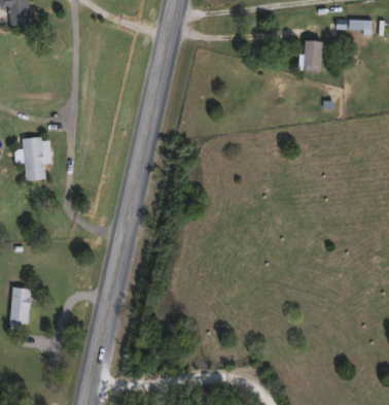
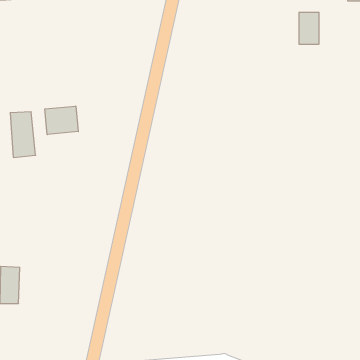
building: none -> [45,106,78,135]

